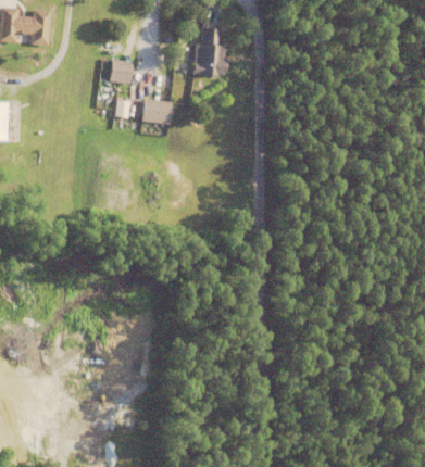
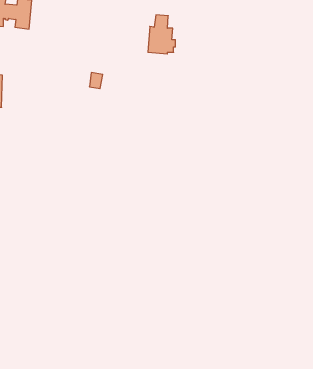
building: [108,59,129,84] -> none
building: [139,99,170,124] -> none

